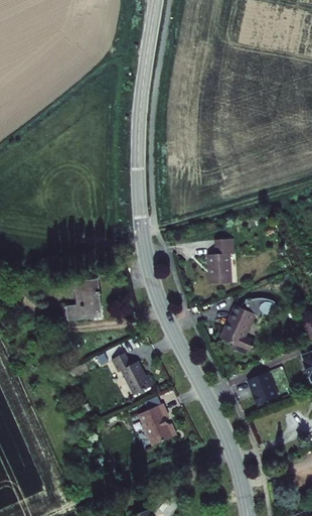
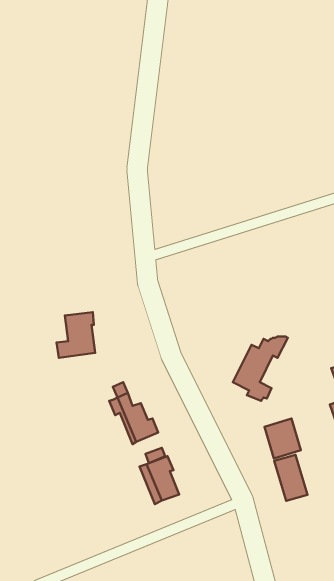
building: [210,240,236,285] -> none
building: none -> [274,455,307,501]

